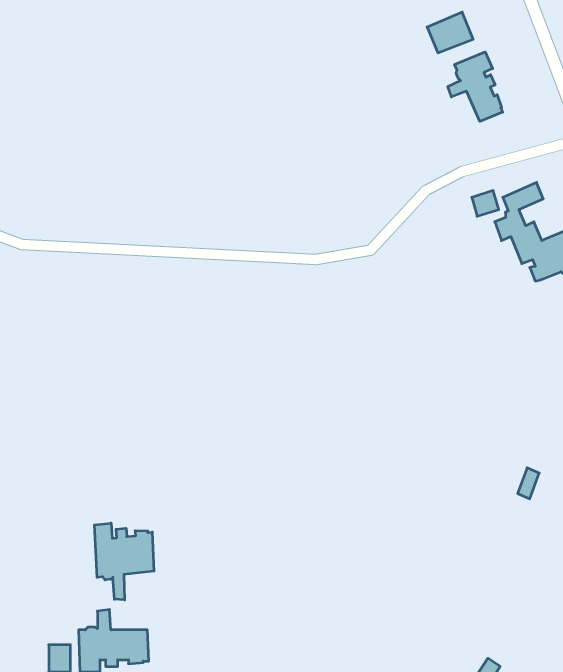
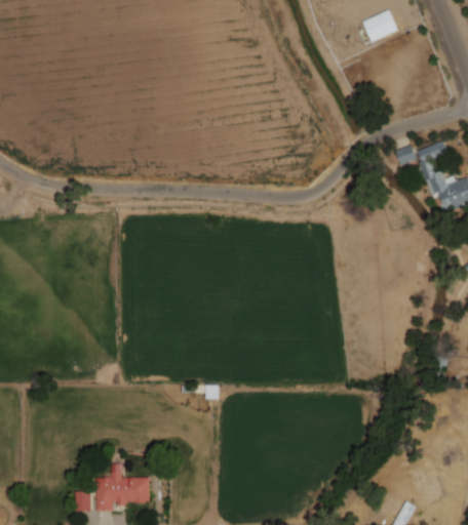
building: [448,52,503,121] -> none
building: [94,523,154,600] -> none

